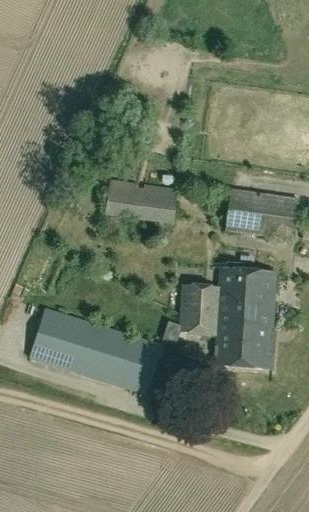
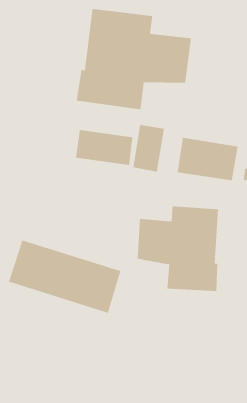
building: none -> [76,8,191,110]
building: none -> [133,124,165,173]

